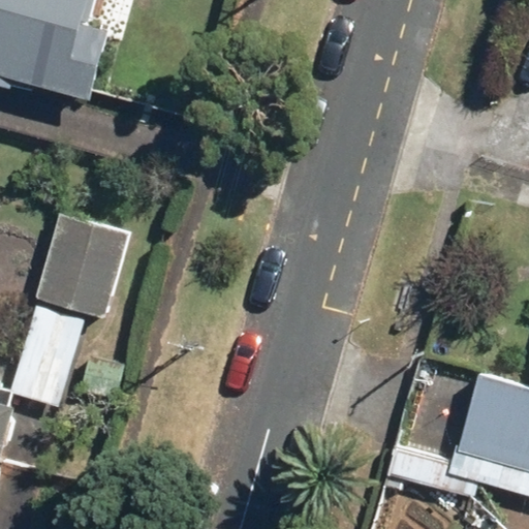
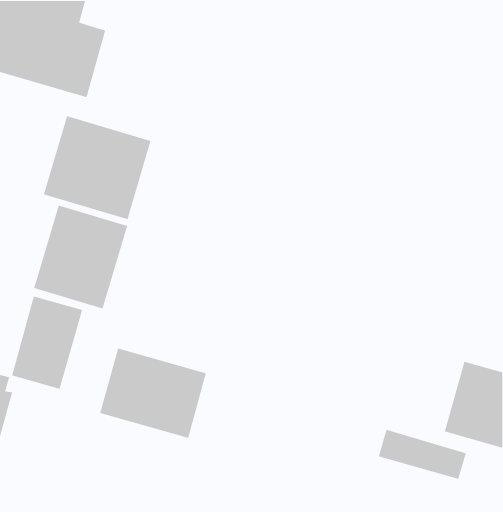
building: none -> [43,115,152,220]
building: none -> [99,348,207,439]

